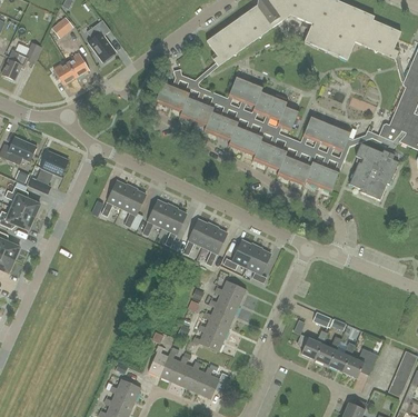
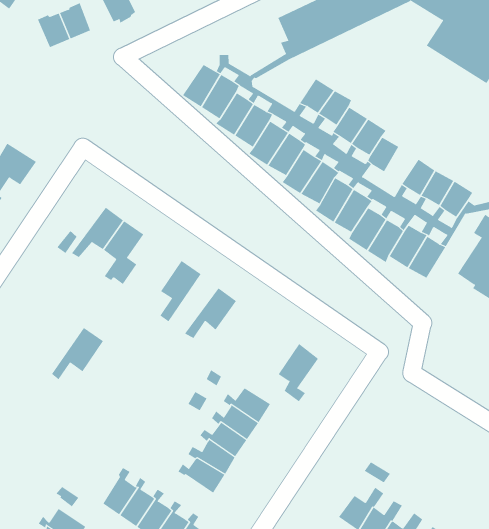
building: [142,199,172,236] -> [51,327,104,380]
building: [202,226,227,266] -> none
building: [223,239,257,269] -> none

